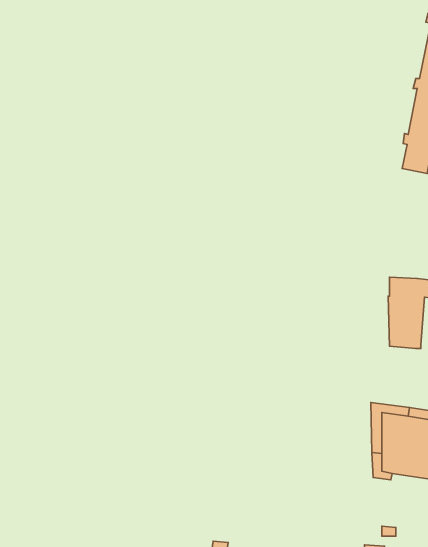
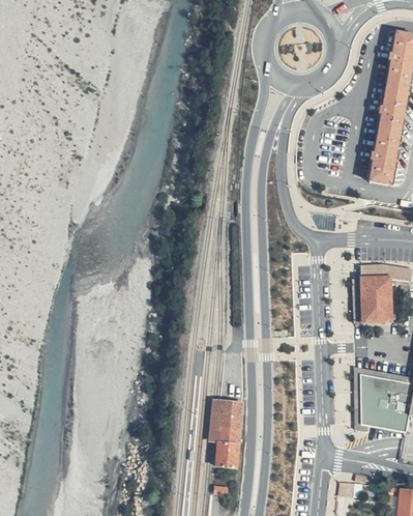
building: none -> [214,403,241,472]

